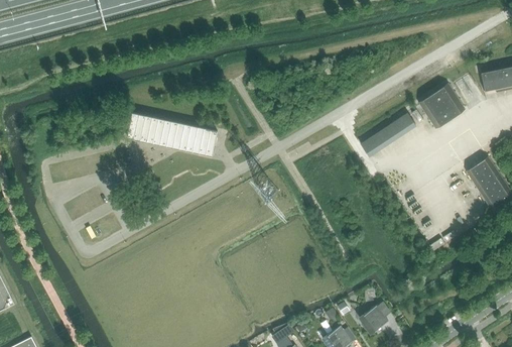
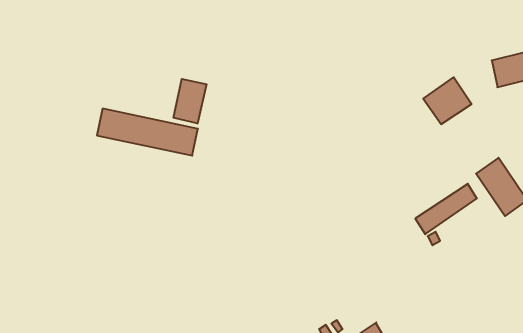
building: none -> [174,79,207,124]
building: [362,110,417,155] -> [415,184,477,234]

